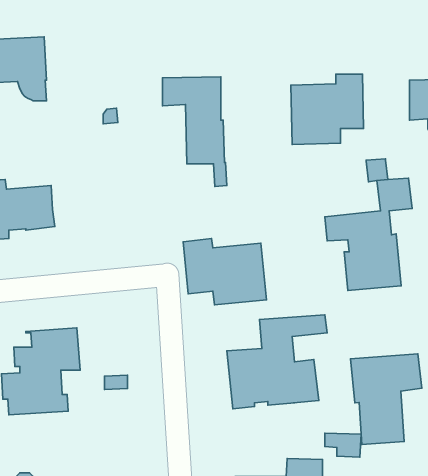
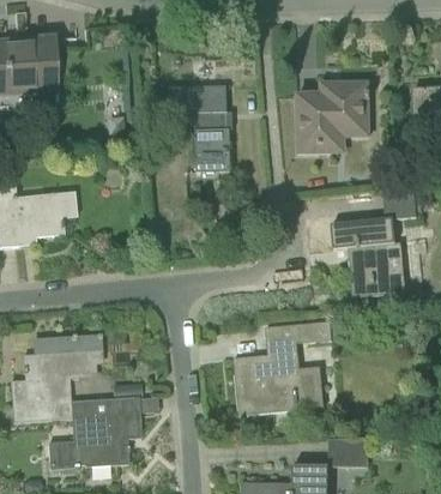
building: [183,239,267,305] -> none
building: [351,354,422,445] -> none
building: none -> [48,397,141,469]

